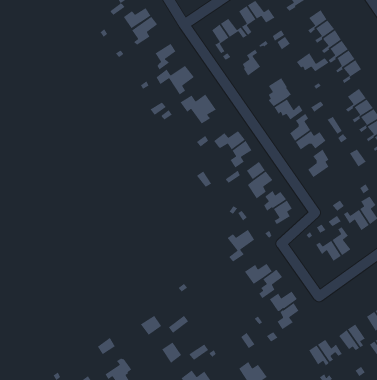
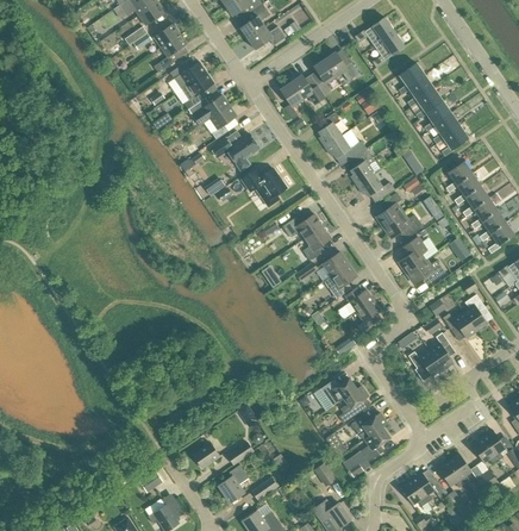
building: none -> [188,94,230,125]
building: [296,52,330,72] -> [325,135,367,160]
building: none -> [406,258,445,283]
building: [226,229,255,263] -> none

